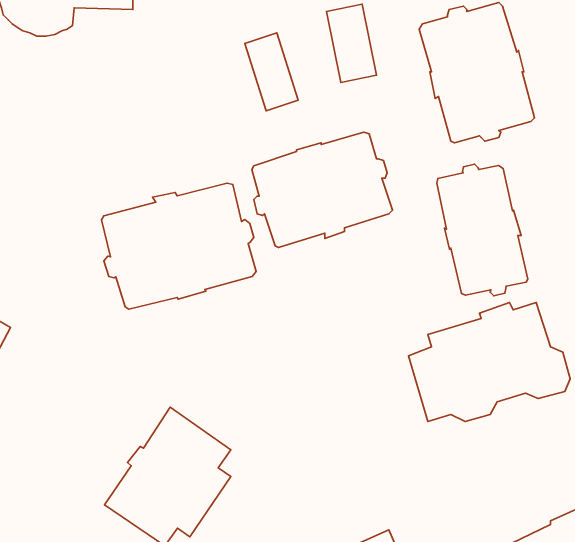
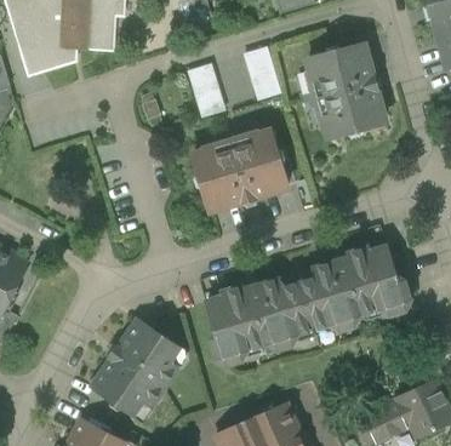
building: [437,164,528,296] -> none
building: [102,183,256,309] -> none
building: none -> [206,279,313,364]

